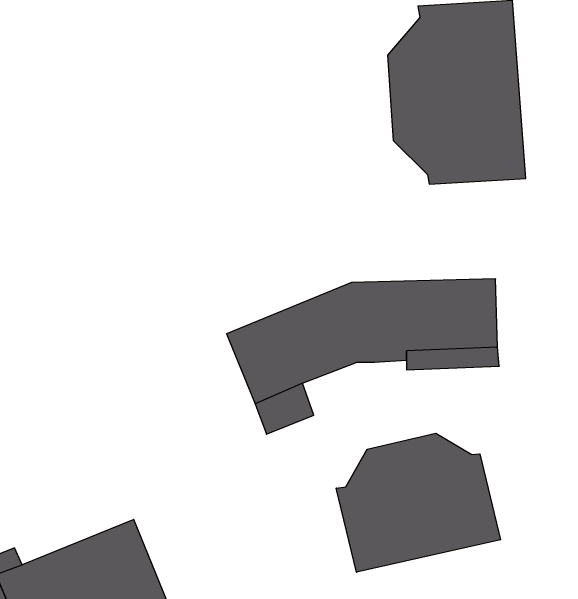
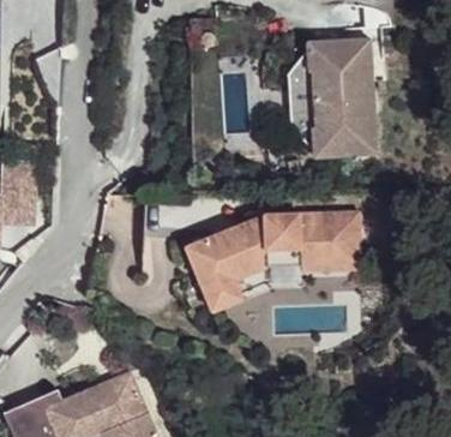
building: [336,433,501,572] -> none

